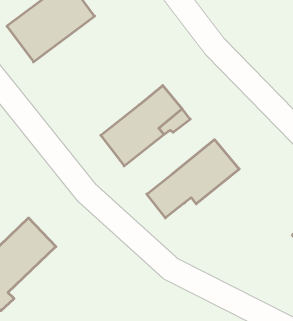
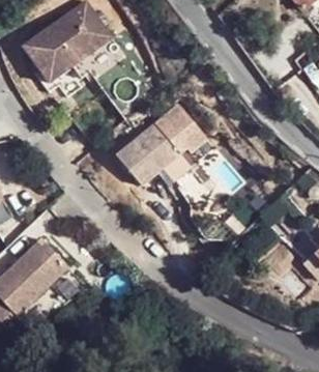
building: [147,140,239,218] -> none

